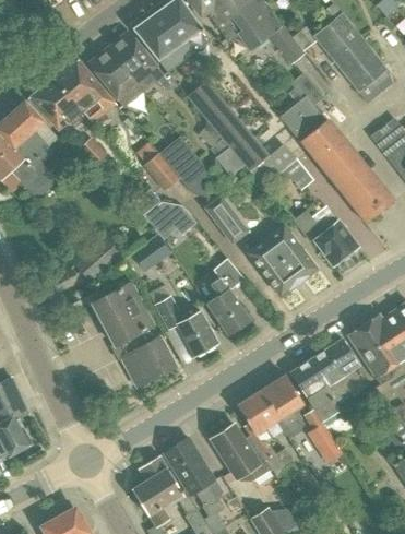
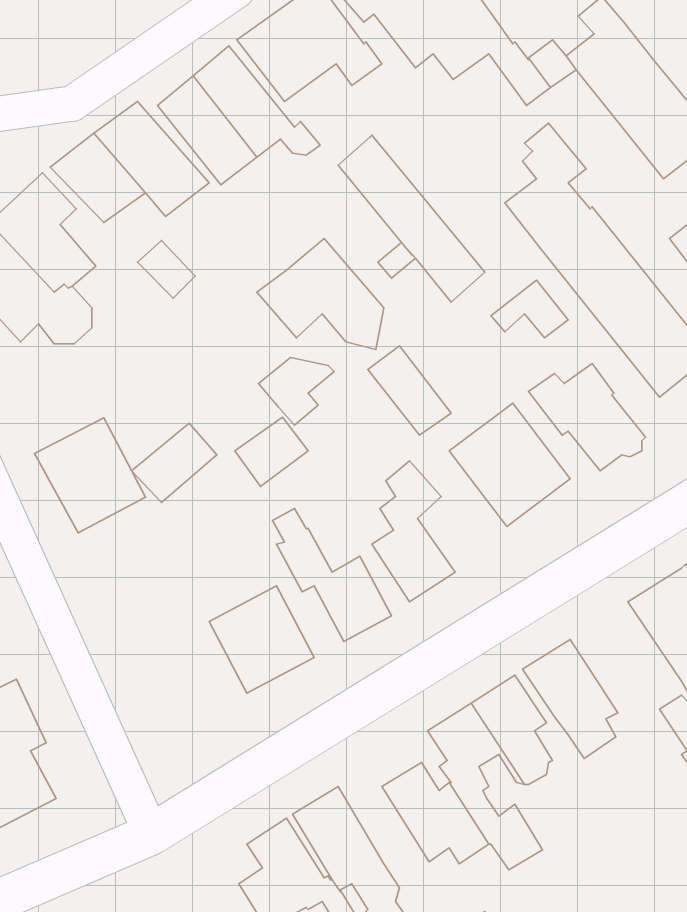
building: [93,284,154,347] -> [34,418,146,533]
building: [315,340,368,397] -> none
building: [305,410,343,465] -> none

